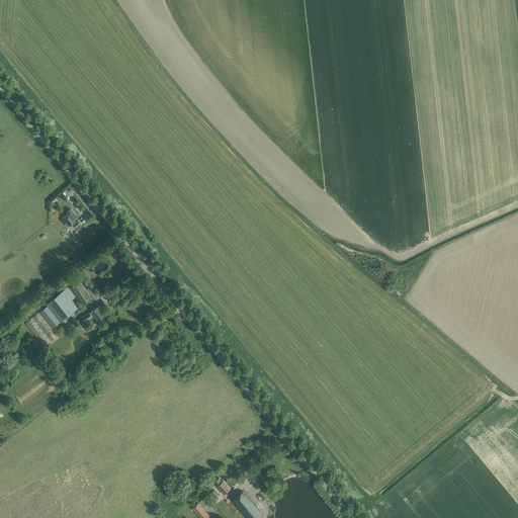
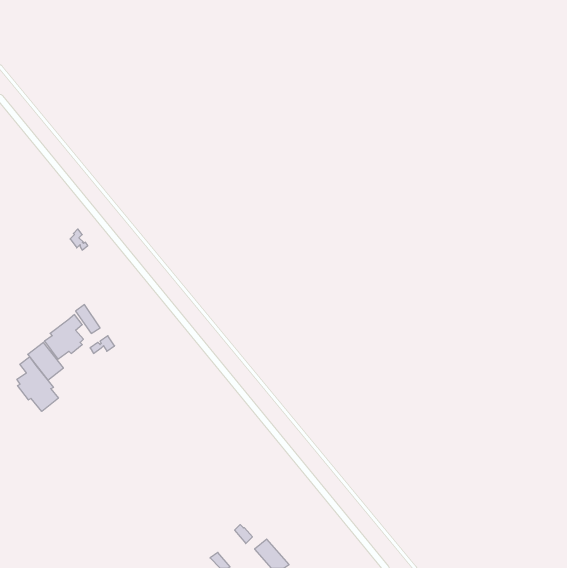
building: none -> [17,357,58,411]

